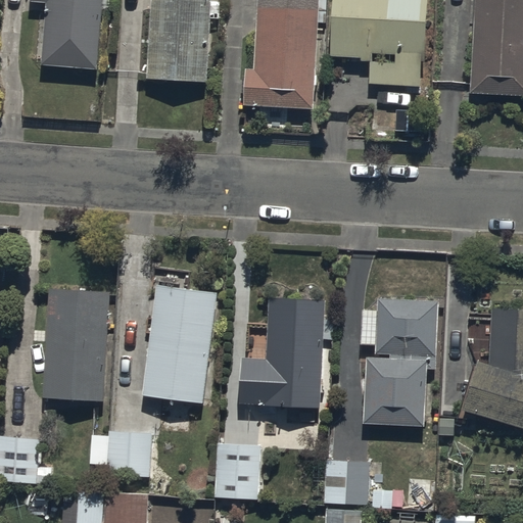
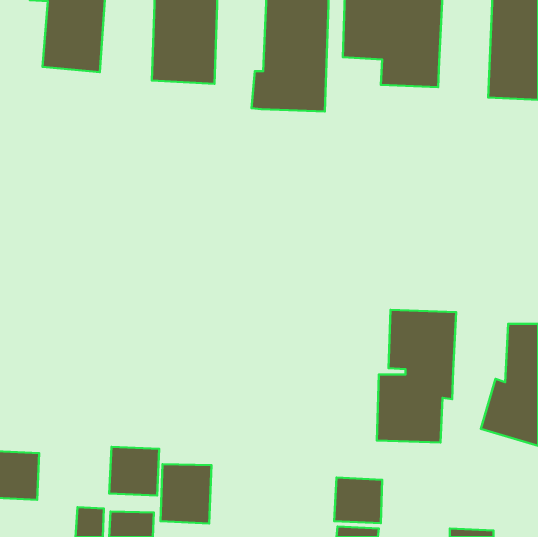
building: [142,284,216,403] -> none
building: [44,287,107,399] -> none
building: [239,298,324,408] -> none
building: [211,441,260,498] -> [160,464,211,523]

